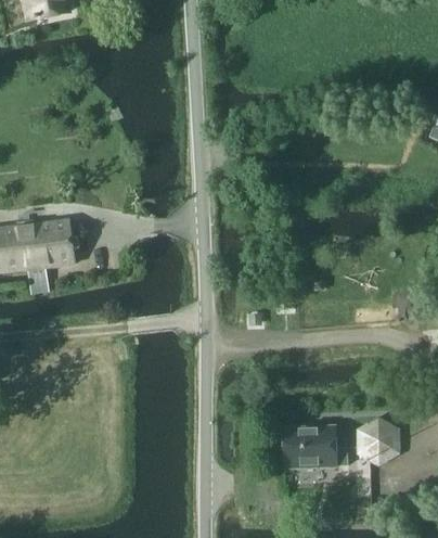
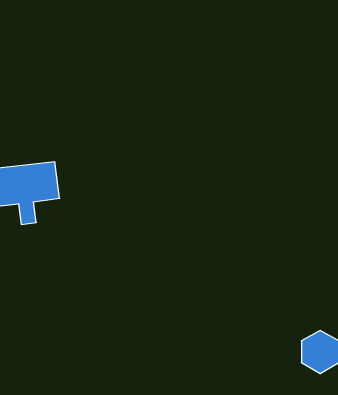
building: [284,424,349,466] -> none

